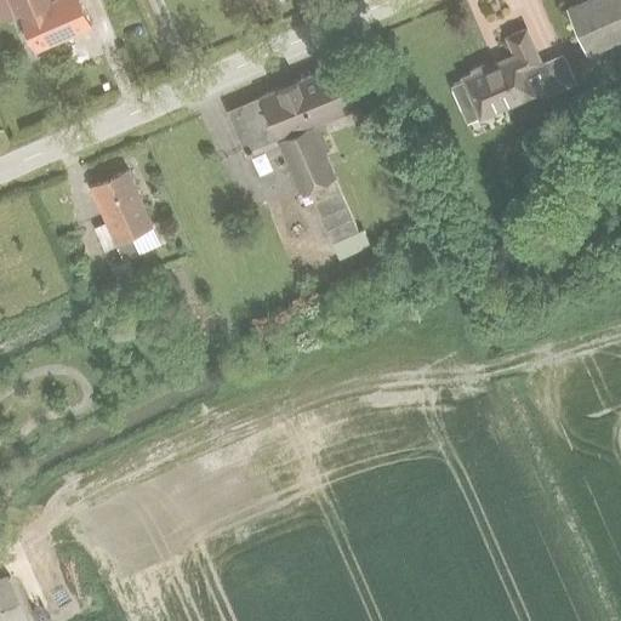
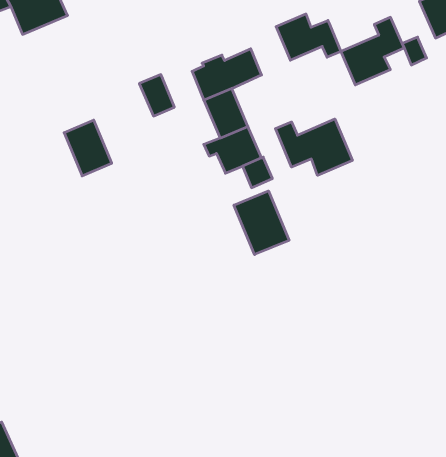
building: none -> [276,14,341,60]
building: [228,96,275,152] -> [139,75,174,116]
building: none -> [275,119,352,175]
building: none -> [234,191,289,255]

